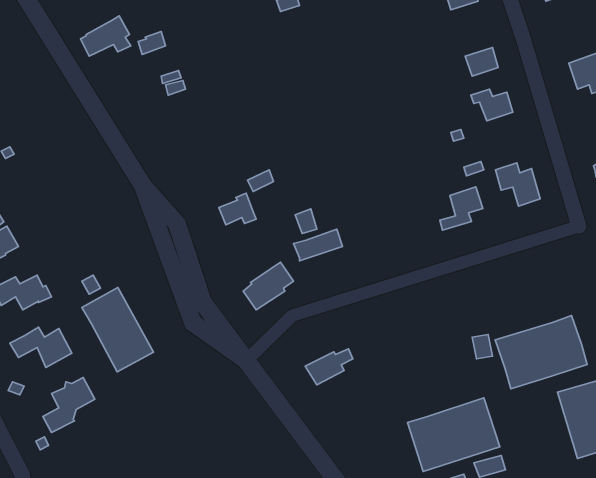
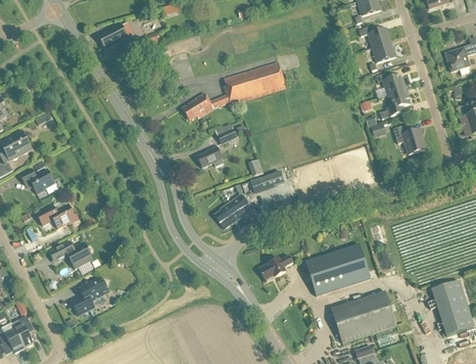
building: none -> [358,25,390,48]
building: none -> [181,61,284,120]
building: [440,187,483,230] -> [379,88,410,119]
building: [82,288,153,372] -> none
building: [495,315,587,389] -> [303,243,369,295]

